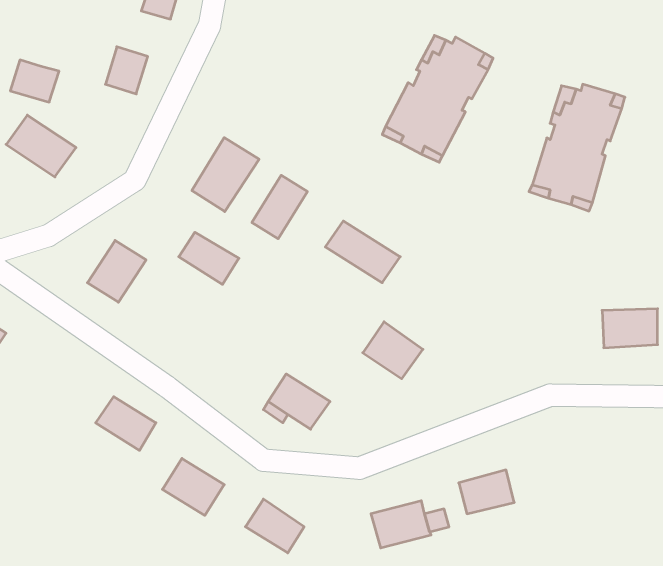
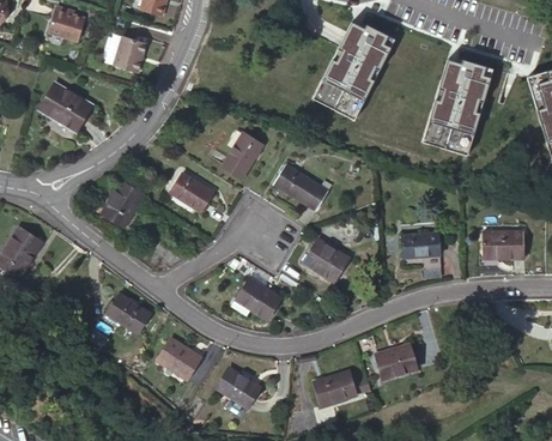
building: [10,60,59,102] -> [47,8,83,40]
building: [192,138,259,212] -> none
building: none -> [402,231,442,268]

